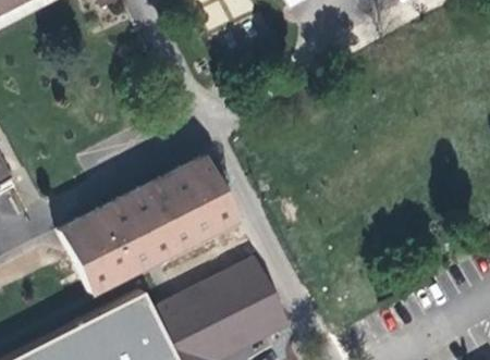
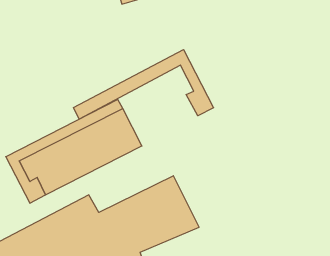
building: none -> [74,50,214,119]

